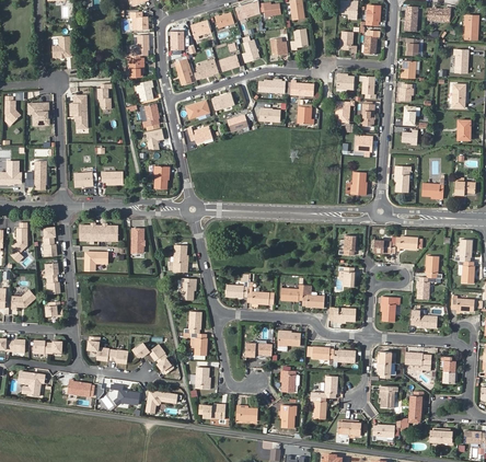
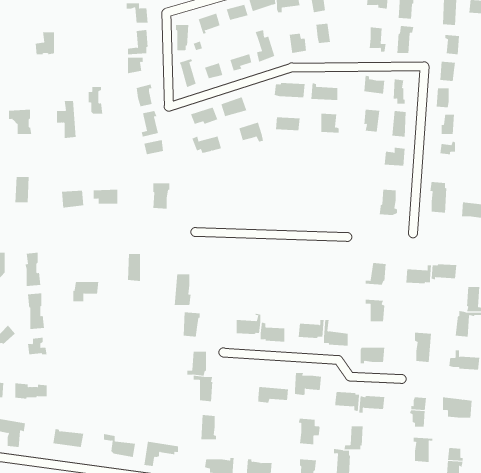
building: [80,224,118,240] -> none
building: [88,335,128,363] -> none
building: [132,343,174,373] -> none

